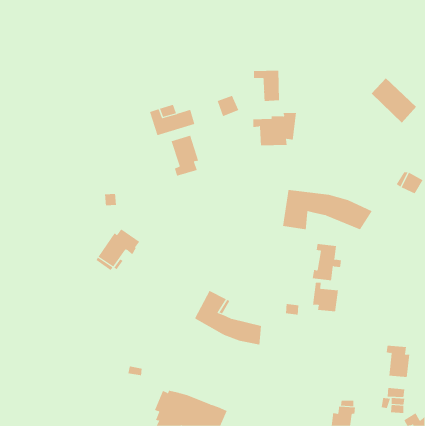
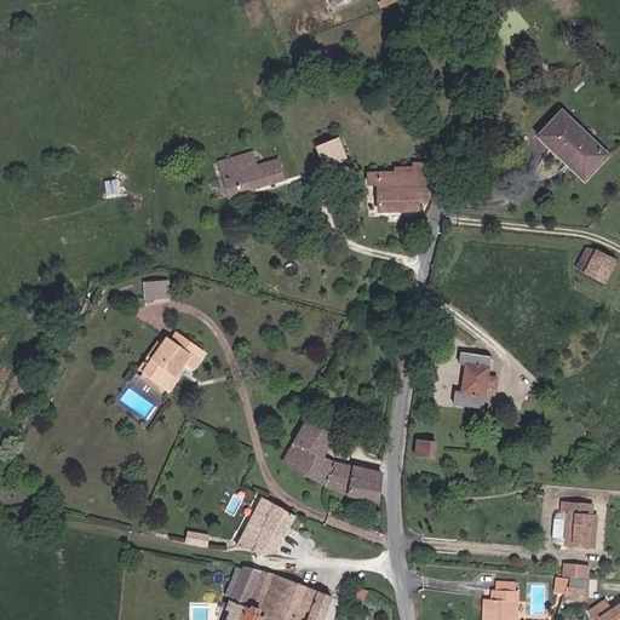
building: [253,70,280,102] -> none
building: [171,135,199,176] -> none
building: [282,189,373,230] -> none
building: [312,282,338,312] -> none
building: none -> [236,498,294,551]

